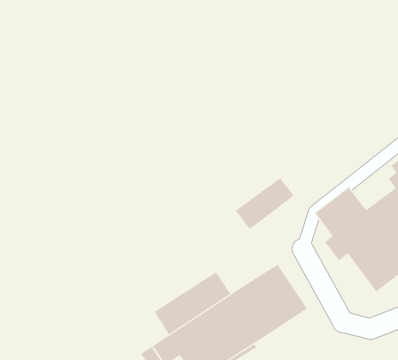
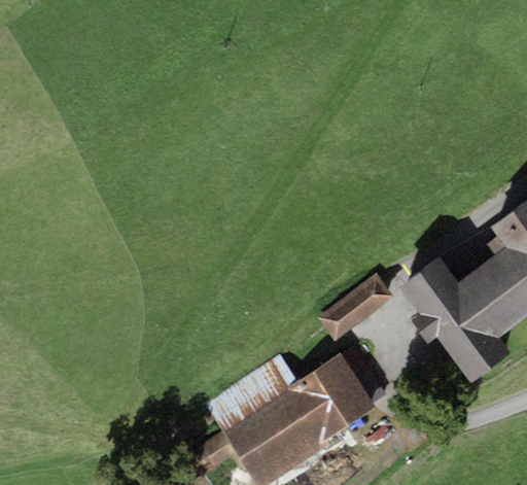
building: [235,177,294,230] -> [318,278,389,341]

